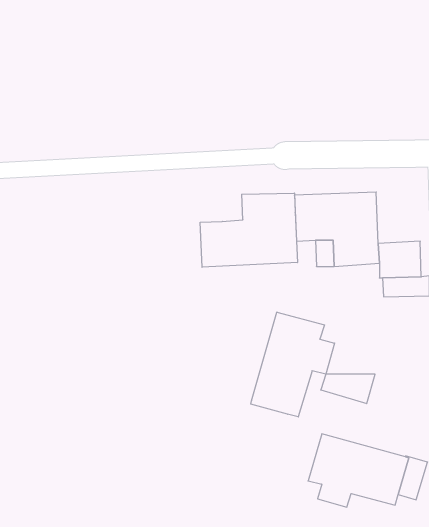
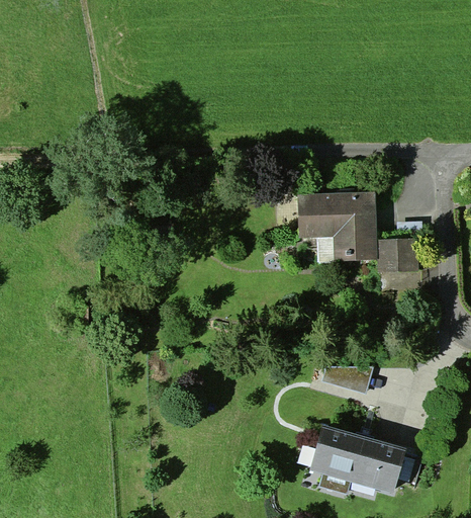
building: [200,193,297,267] -> none
building: [251,312,335,417] -> none

